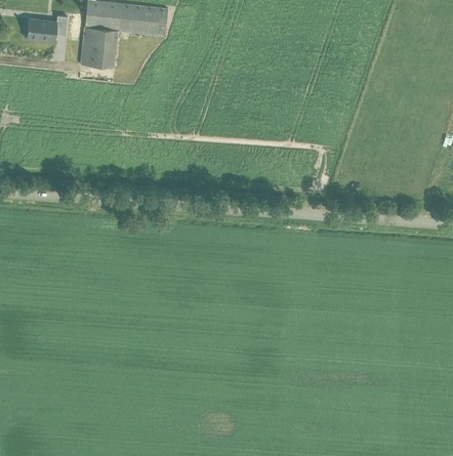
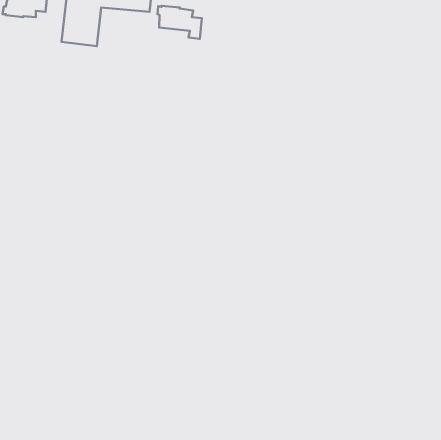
building: none -> [157,6,202,39]

